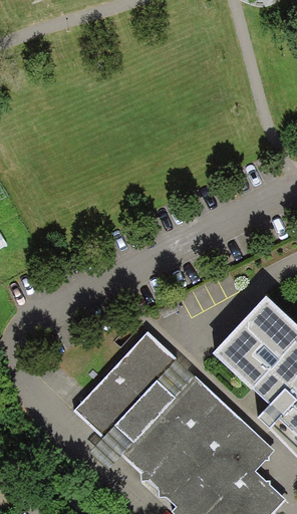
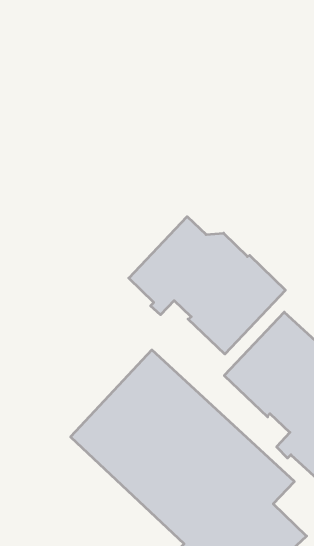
building: none -> [129,217,285,354]

